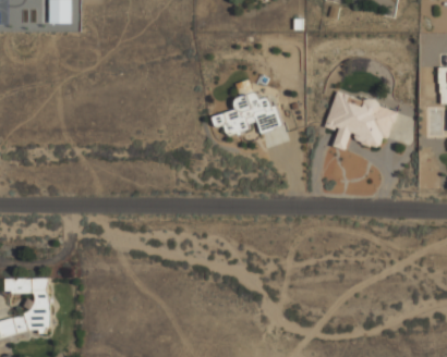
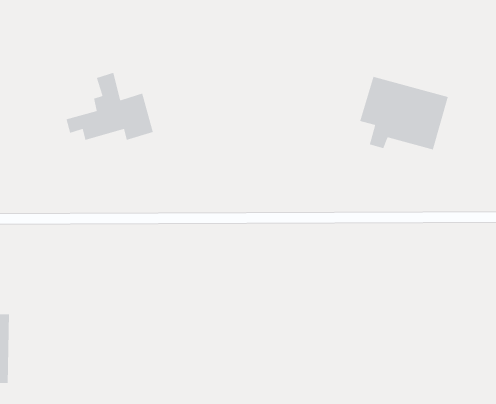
building: [212,79,281,134] -> [65,72,154,141]

